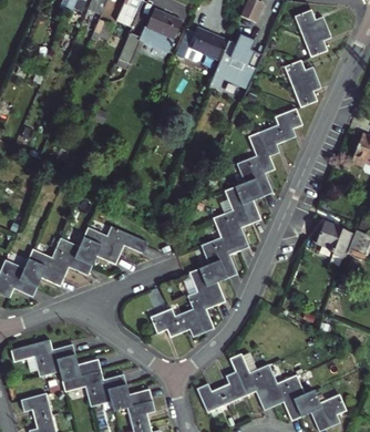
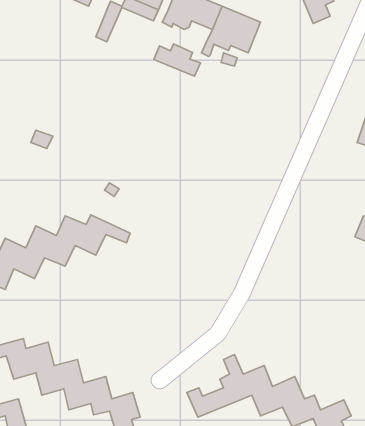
building: [286,60,320,105] -> none
building: none -> [154,44,200,76]
building: [152,109,302,336] -> none
building: [317,220,353,257] -> none

